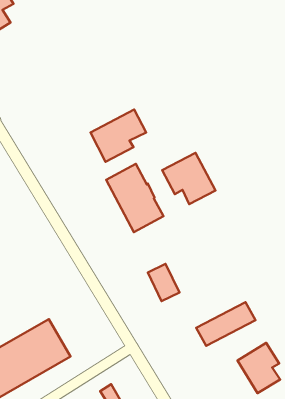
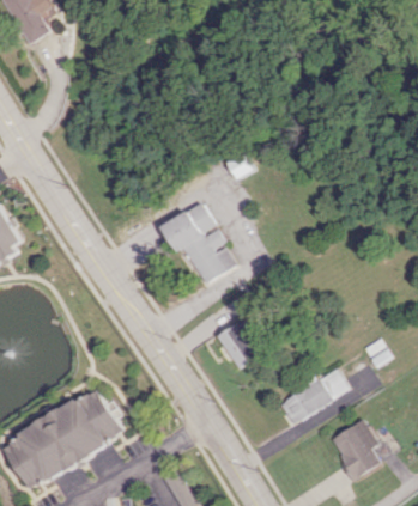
building: [90,109,146,162] -> none
building: [162,153,215,204] -> none

